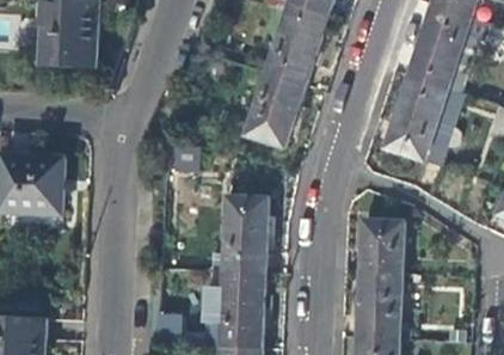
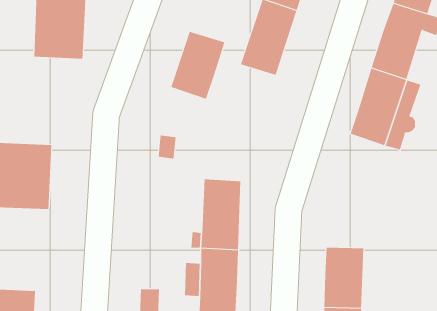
building: [245,72,305,146] -> [170,31,225,99]
building: [358,219,401,271] -> none

